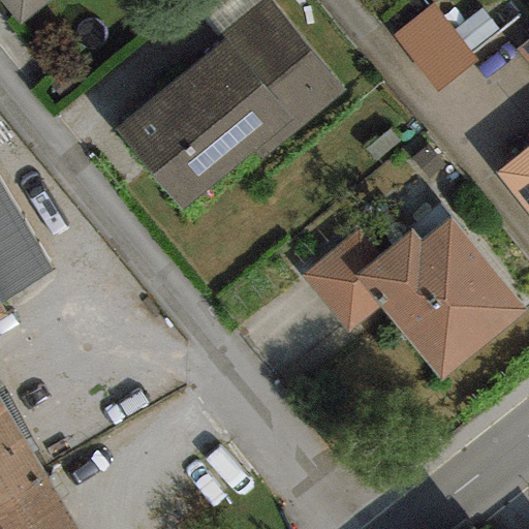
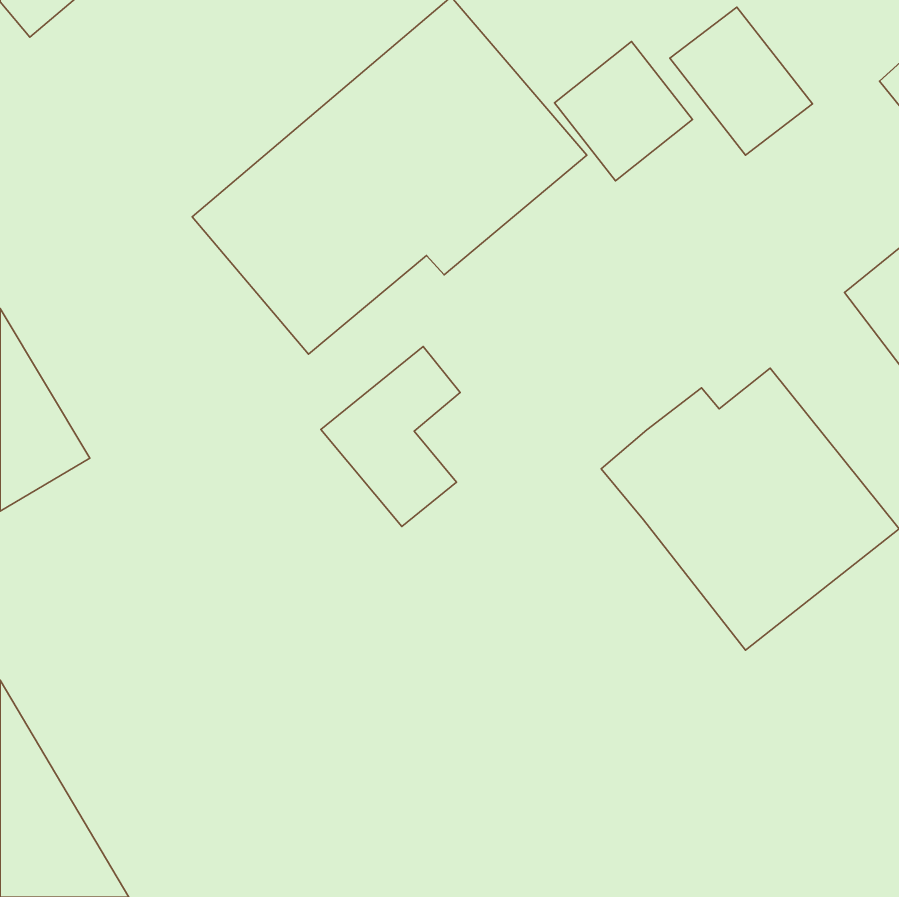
building: none -> [555,42,693,181]
building: [299,225,380,331] -> [321,347,460,526]

